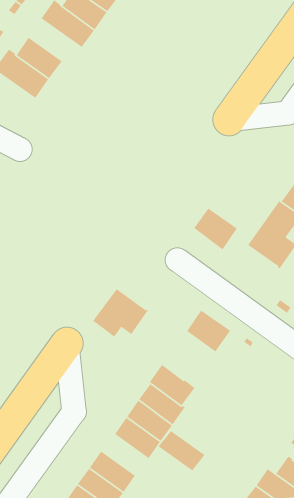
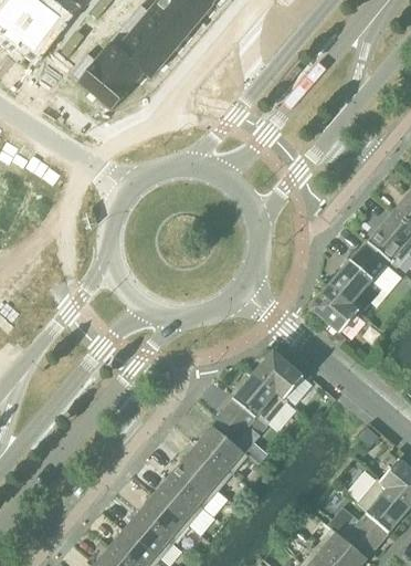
building: none -> [107,23,166,78]
building: [193,208,238,251] -> [309,285,358,333]
building: [92,288,149,338] -> [225,373,287,426]
building: [158,430,205,471] -> [152,478,203,524]

